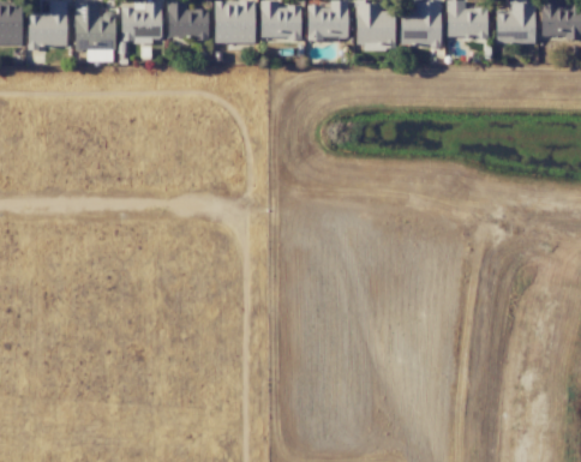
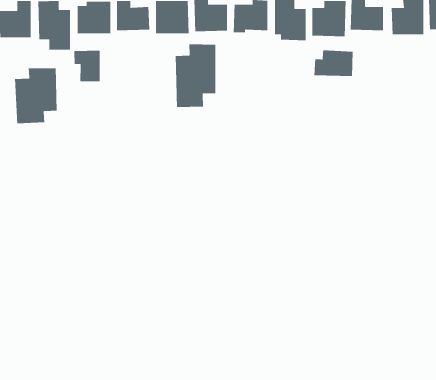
building: none -> [175,43,216,108]
building: none -> [313,50,353,77]
building: none -> [73,50,101,82]
building: none -> [14,68,58,124]

